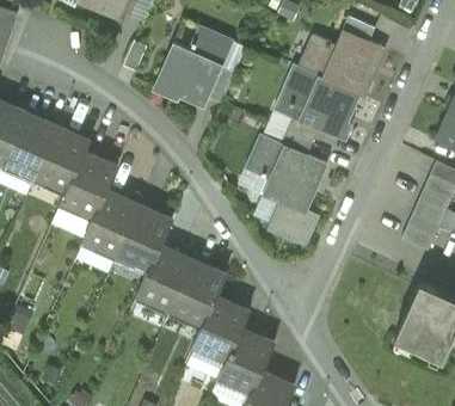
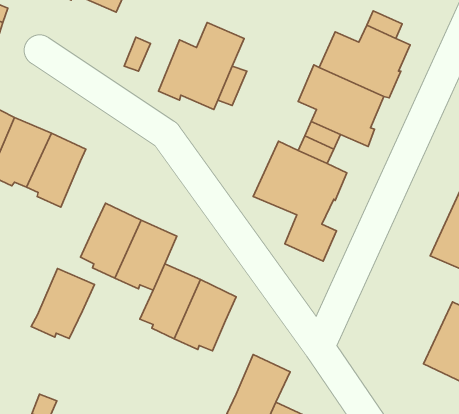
building: [60,153,117,216] -> [31,269,94,338]
building: [192,297,248,364] -> none

